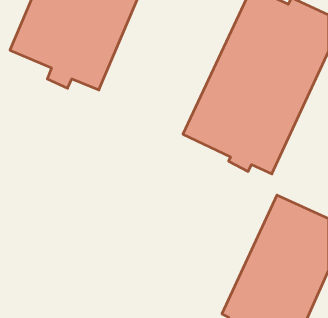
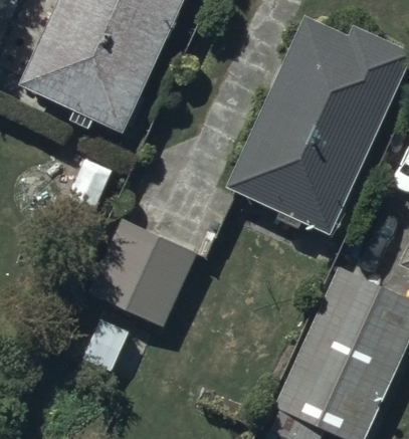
building: none -> [87,218,199,326]

